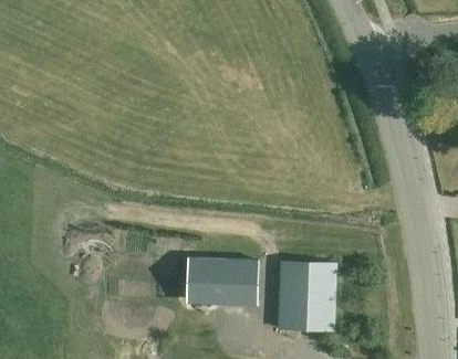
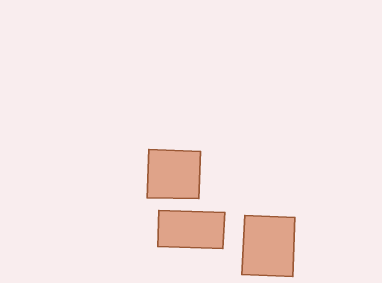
building: none -> [147,150,200,199]

